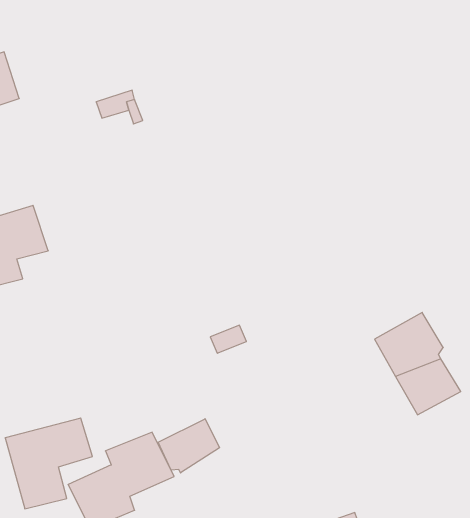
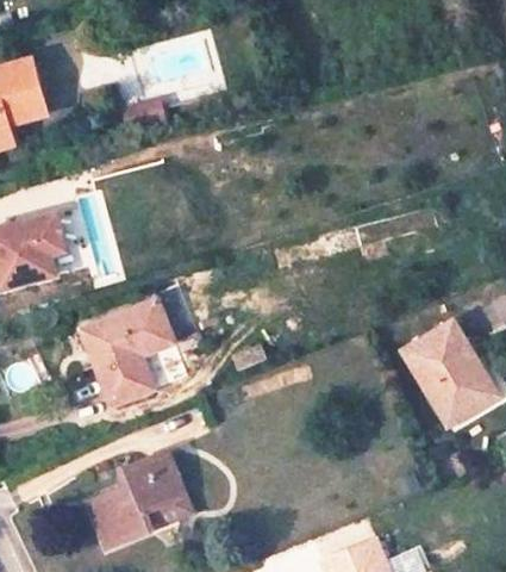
building: [5,418,92,509] -> [80,304,169,397]
building: [158,419,220,473] -> none

